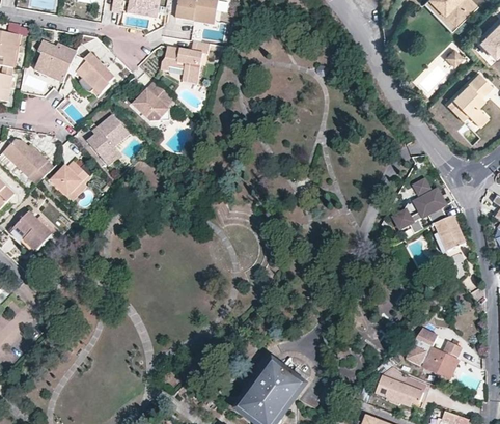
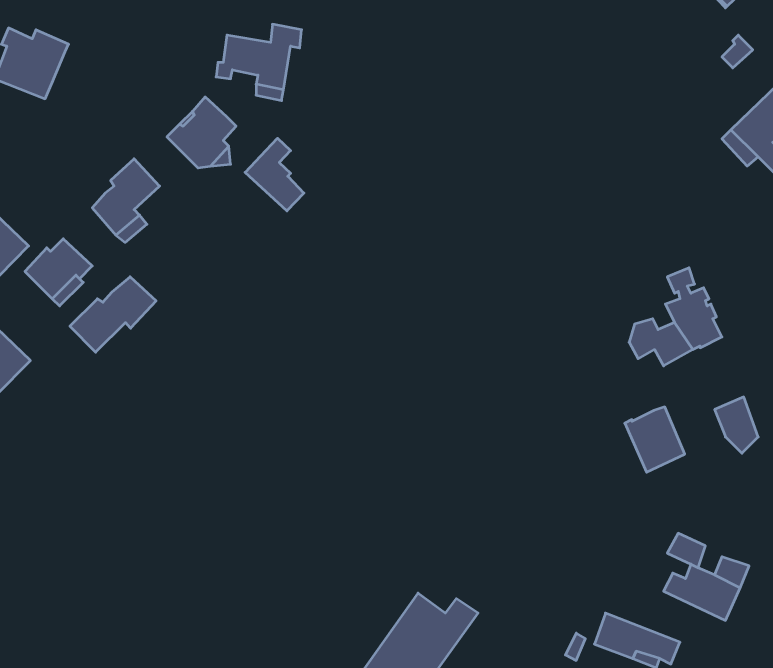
building: [65,52,113,96] -> none
building: none -> [245,138,304,211]
building: none -> [70,277,156,352]
building: [430,215,465,252] -> [625,407,685,472]

